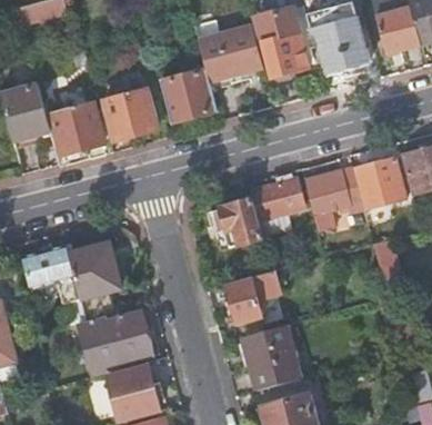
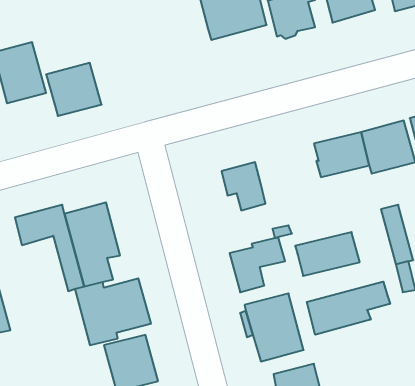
building: [160,70,217,122] -> none
building: [103,89,157,145] -> none
building: [249,178,311,220] -> [295,232,360,276]
building: none -> [307,282,390,335]

